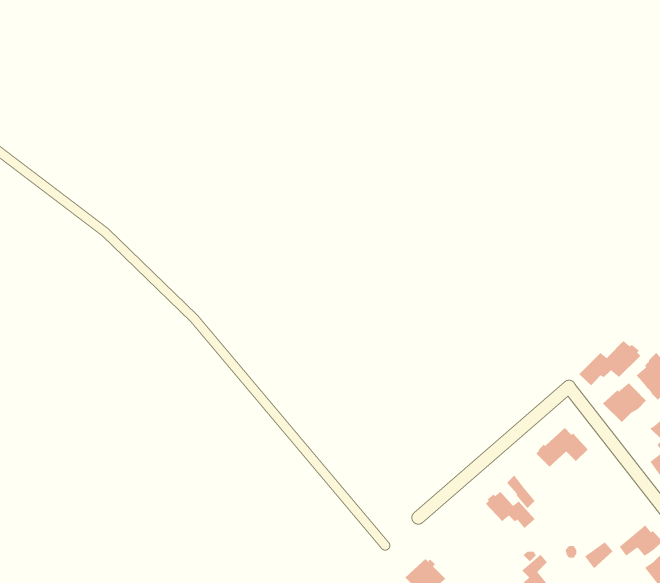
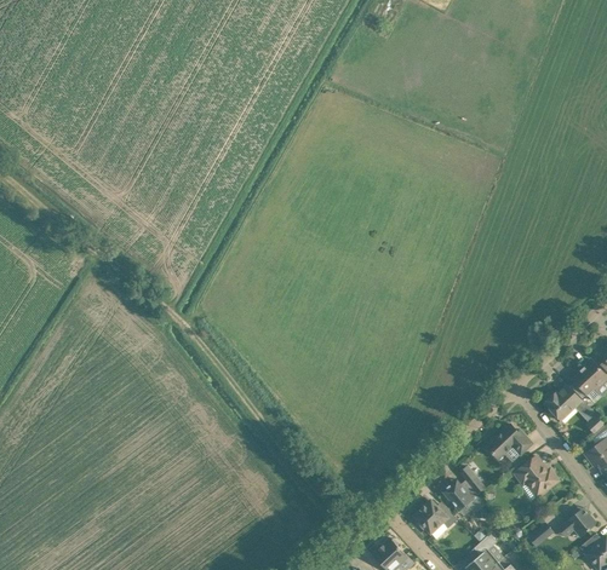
building: [578,340,641,386] -> none
building: none -> [516,456,559,497]
building: none -> [416,501,458,534]

